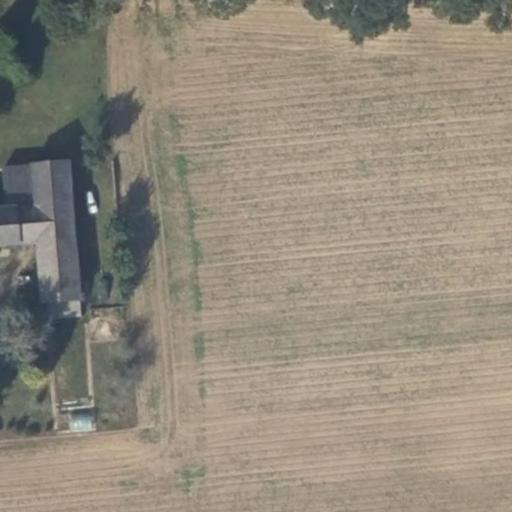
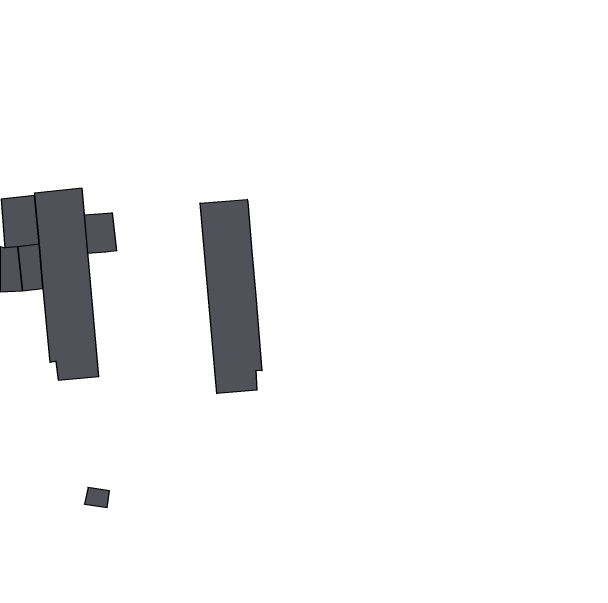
building: none -> [200,199,262,394]
building: none -> [84,213,116,253]

